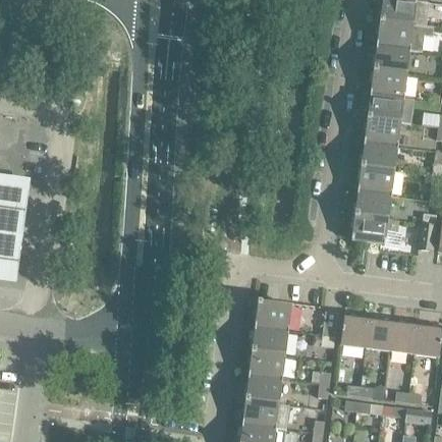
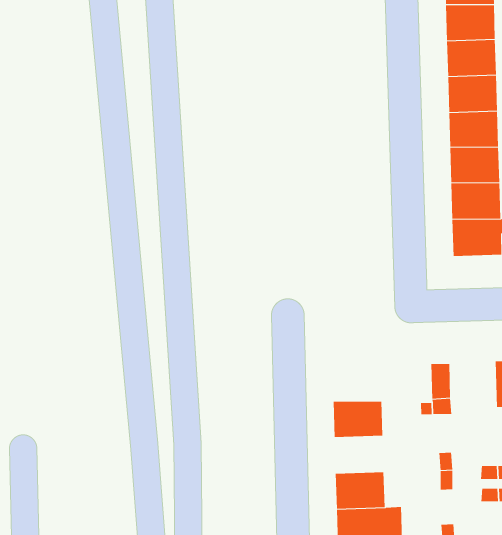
building: [255,301,291,331] -> none
building: [340,313,369,347] -> none
building: [248,350,285,379] -> none

